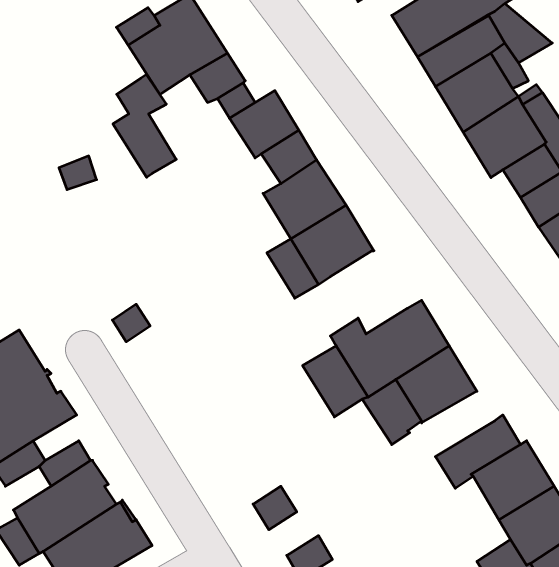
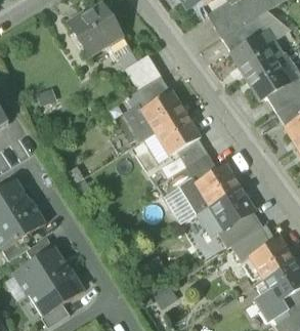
building: [113,74,176,177] -> [123,87,156,140]
building: none -> [162,137,216,180]
building: none -> [216,210,261,247]

